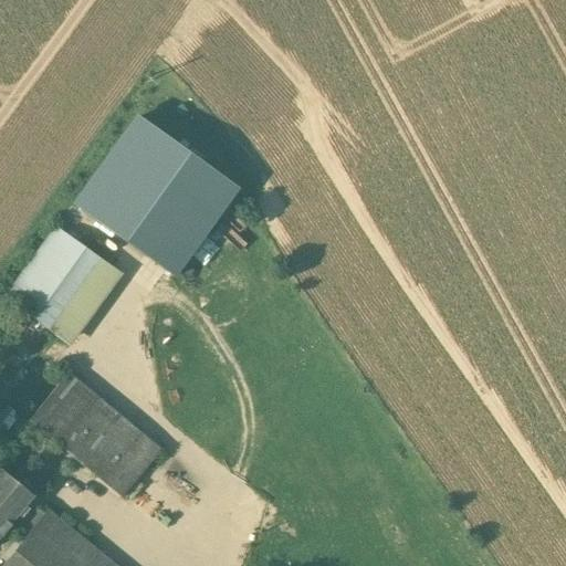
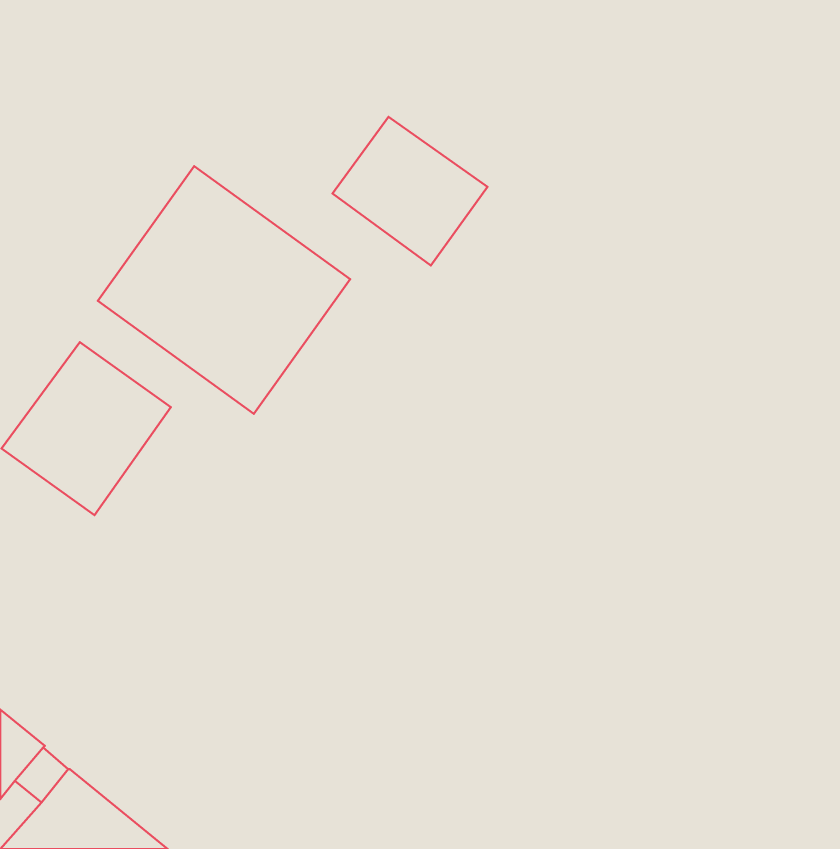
building: none -> [333,117,488,265]
building: [32,374,165,499] -> none

